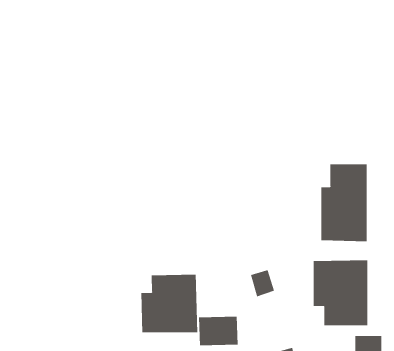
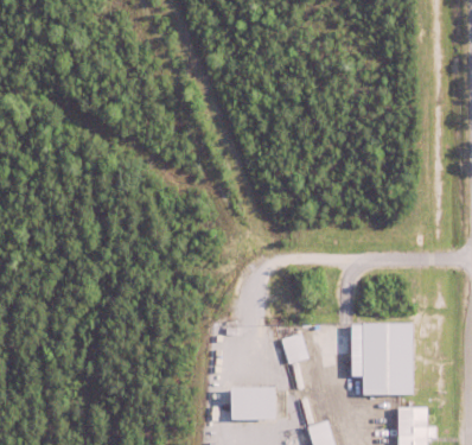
building: [321,164,367,242] -> none
building: [141,274,198,333] -> none

